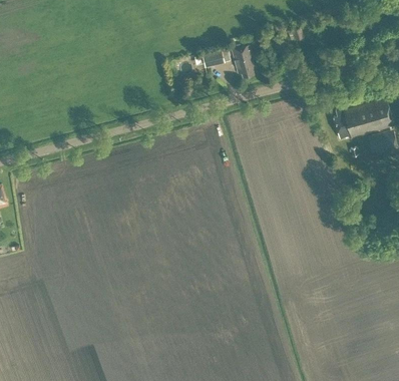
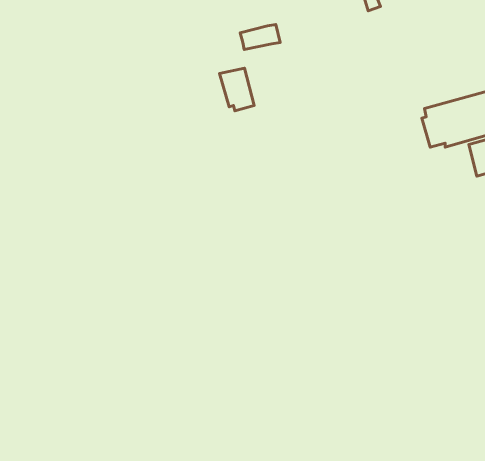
building: [231,47,256,78] -> [220,68,254,111]

